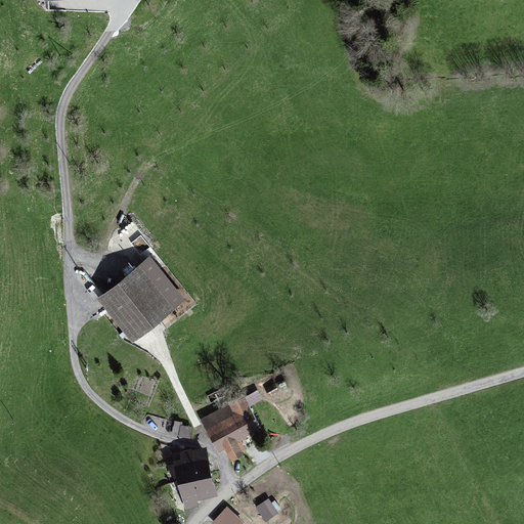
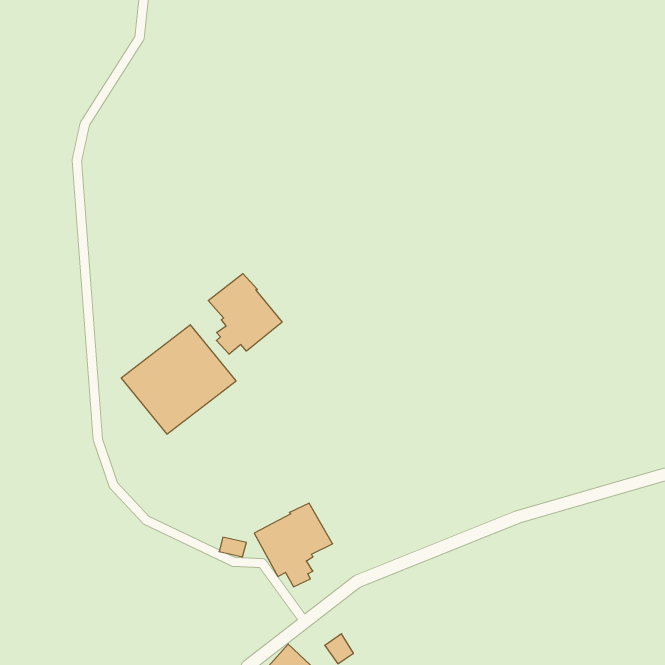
building: none -> [208,274,282,354]
building: [171,447,217,511] -> none

